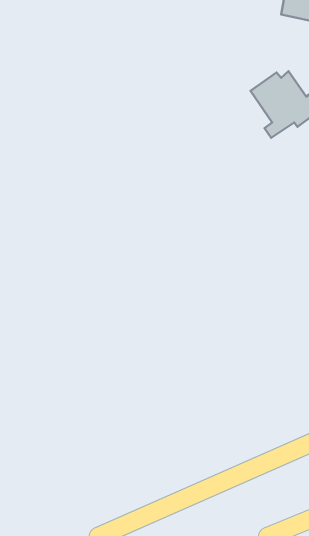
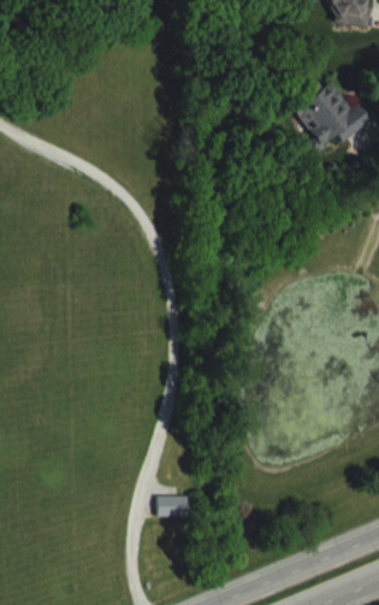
building: none -> [160,496,191,517]

